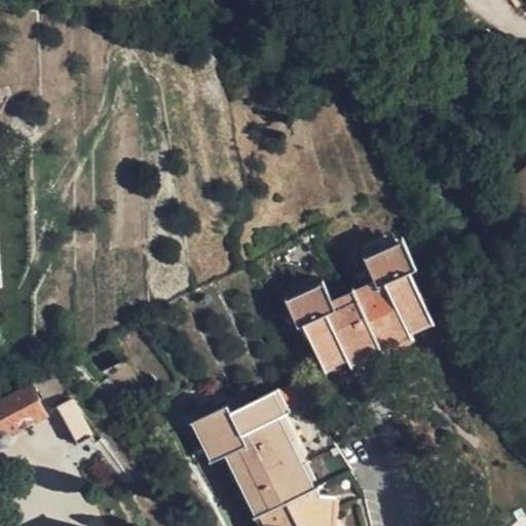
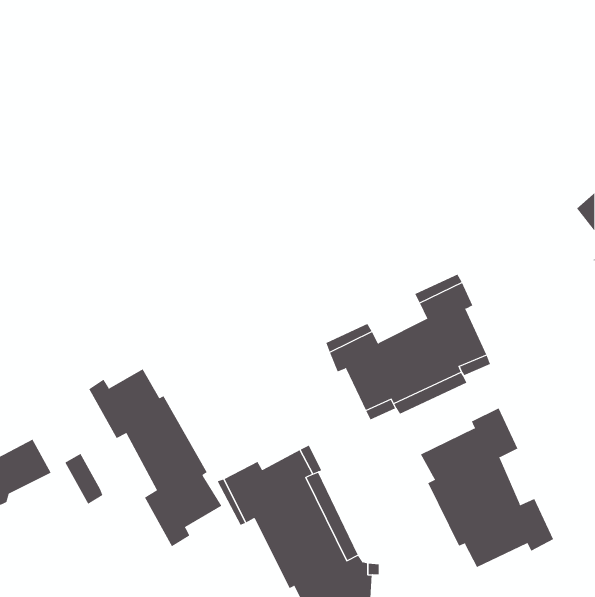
building: none -> [89,368,222,547]
building: none -> [420,408,554,568]

